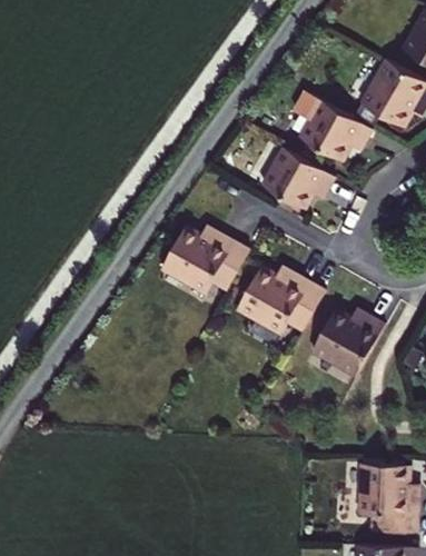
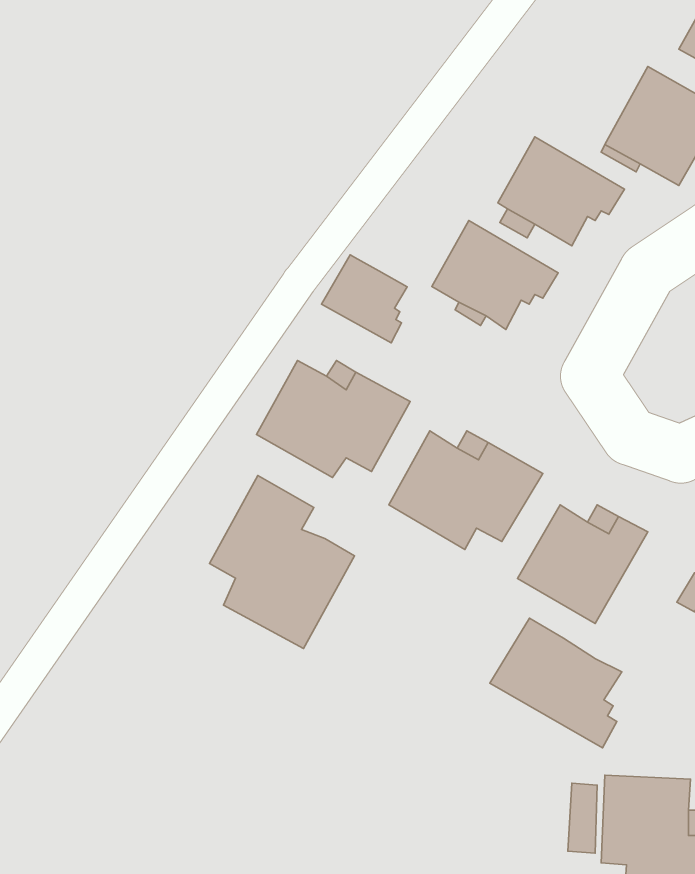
building: none -> [321,255,407,343]
building: none -> [209,475,355,648]
building: none -> [490,618,622,748]

